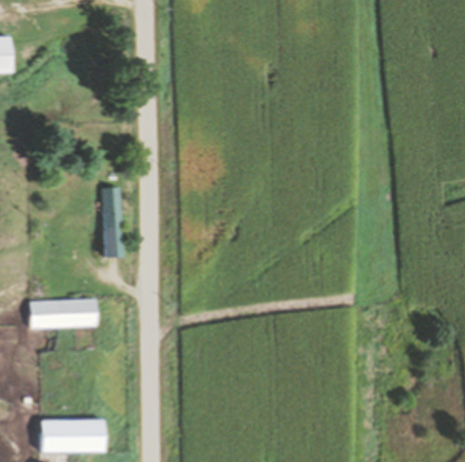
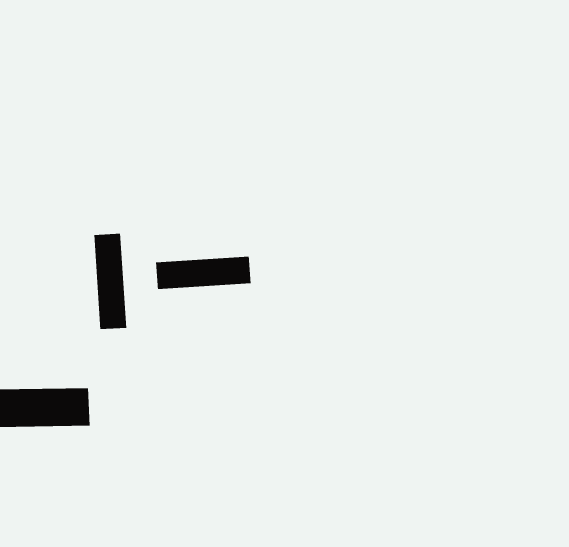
building: none -> [156,256,251,290]

